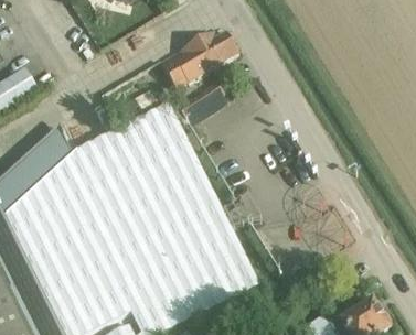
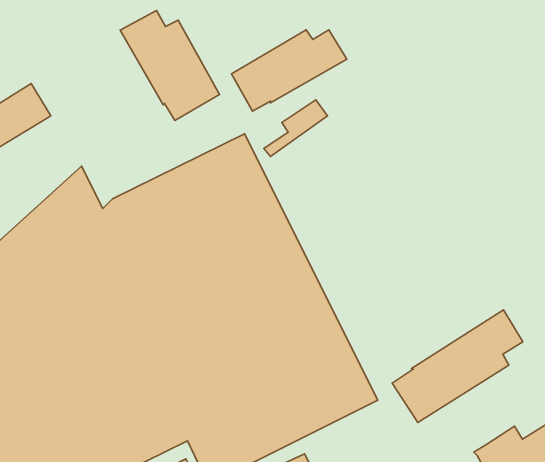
building: none -> [120,10,220,120]
building: none -> [392,310,523,422]

